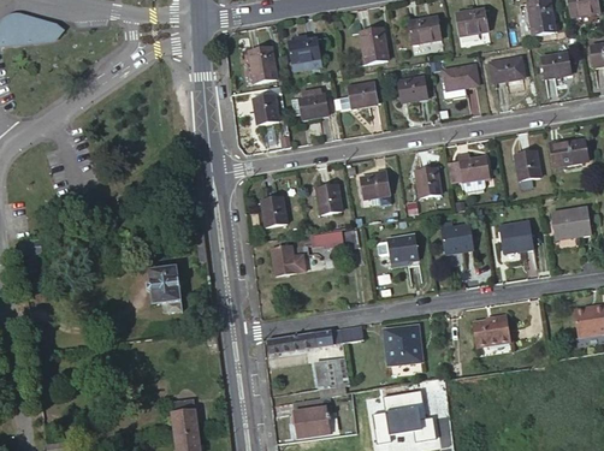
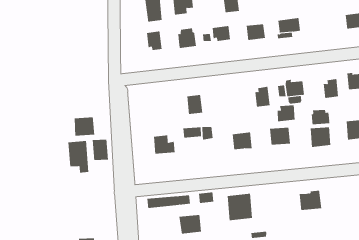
building: [488,57,525,82] -> none
building: [359,170,389,198] -> none
building: none -> [277,105,295,122]
building: none -> [311,109,330,125]
building: [261,197,285,227] -> none
building: none -> [74,117,95,137]
building: none -> [92,139,108,161]

